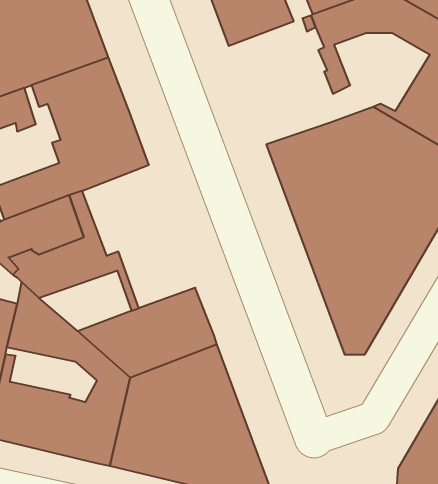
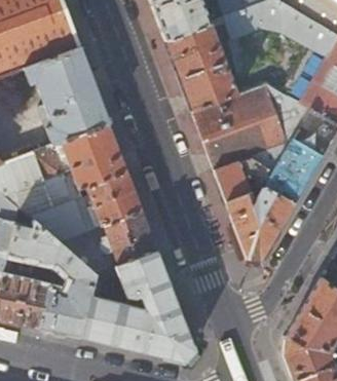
building: none -> [164,22,236,109]
building: none -> [61,123,141,225]
building: none -> [30,198,96,241]

